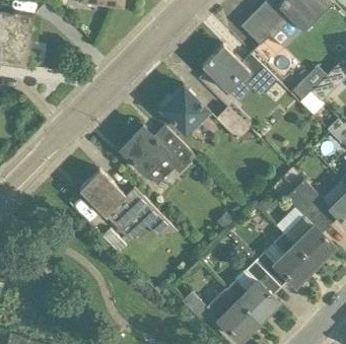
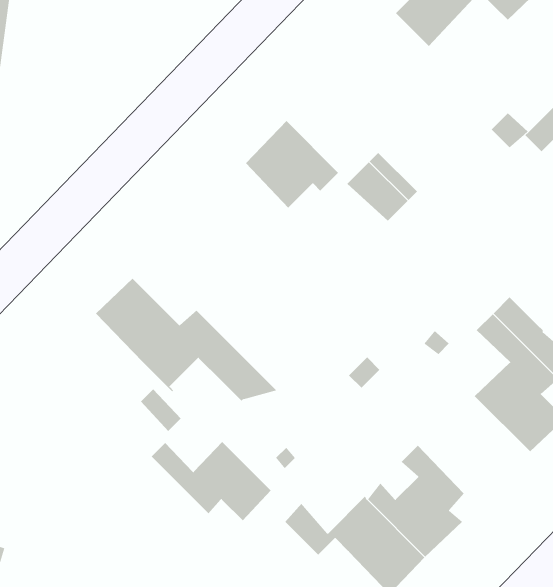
building: [200,45,278,97] -> none
building: [119,125,195,184] -> none
building: [253,232,314,286] -> none
building: none -> [151,441,272,521]

